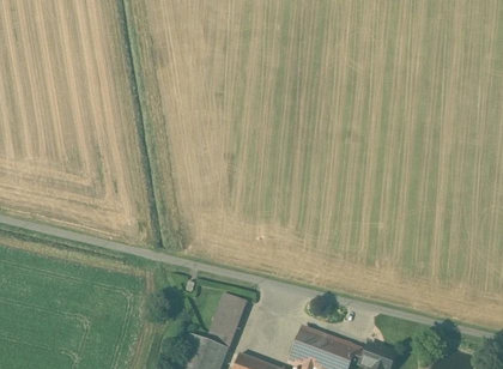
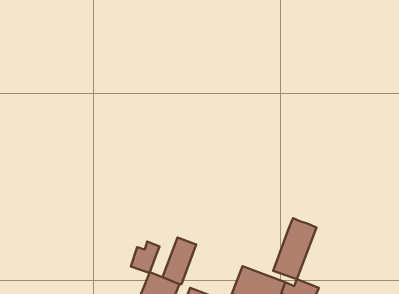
building: none -> [273,218,316,279]
building: none -> [131,241,159,273]

